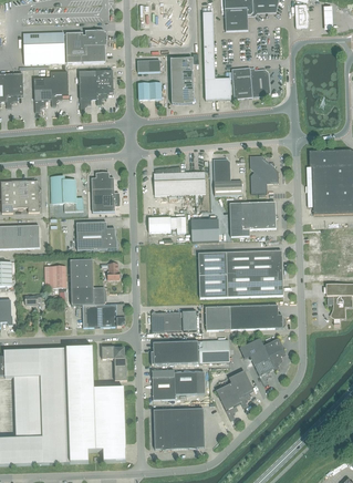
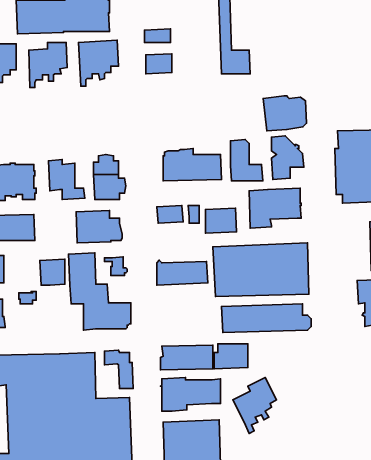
building: [169,59,194,103] -> none
building: [230,68,269,99] -> [263,96,307,131]
building: [150,310,196,332] -> [157,260,208,285]
building: [238,338,285,386] -> none

